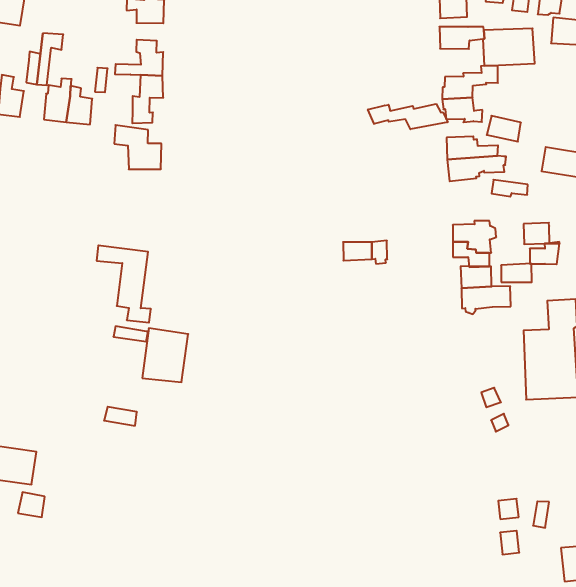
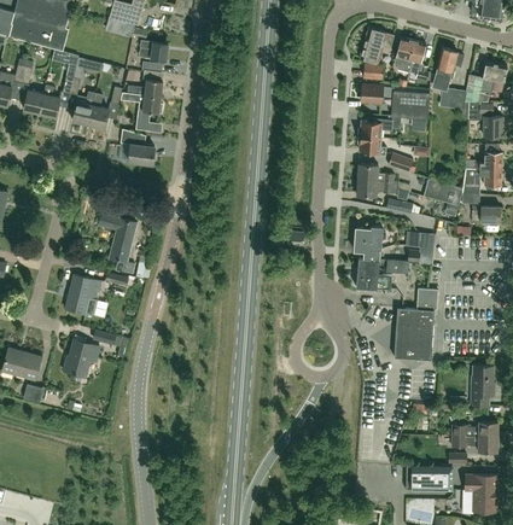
building: [368,104,448,129] -> none
building: [142,328,188,382] -> [65,274,101,315]
building: none -> [64,339,99,377]

